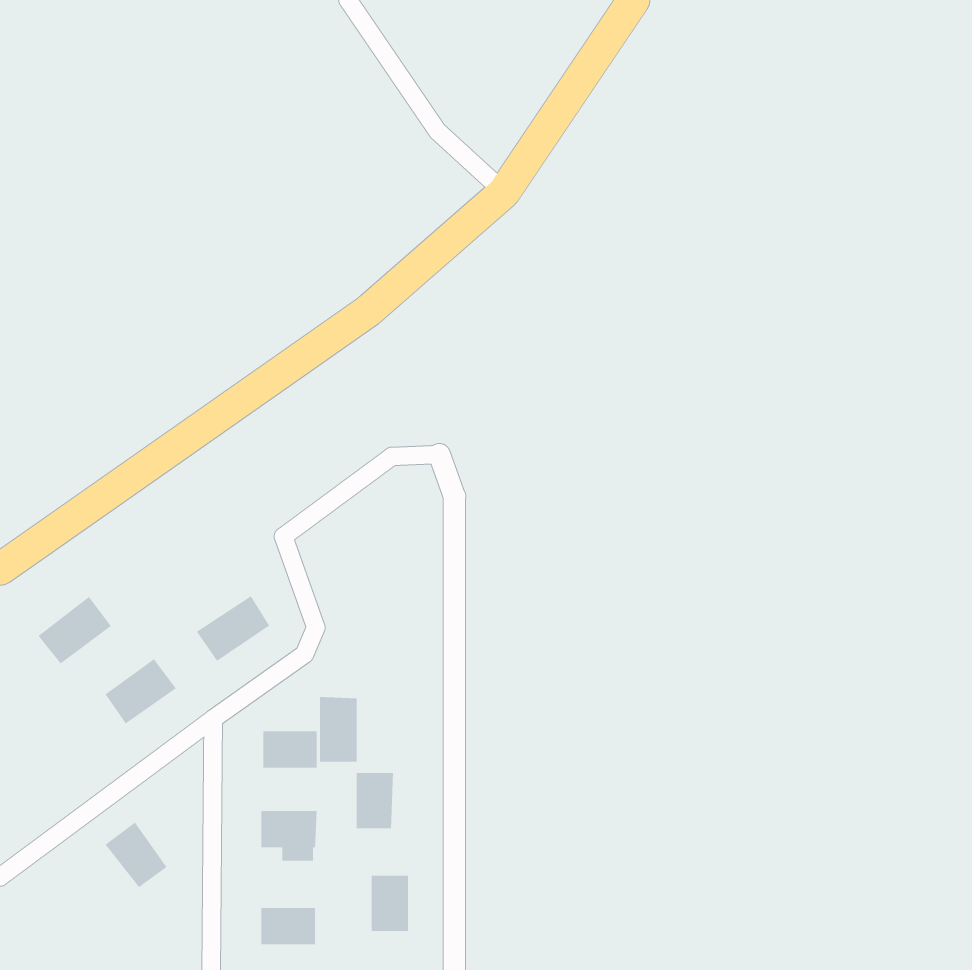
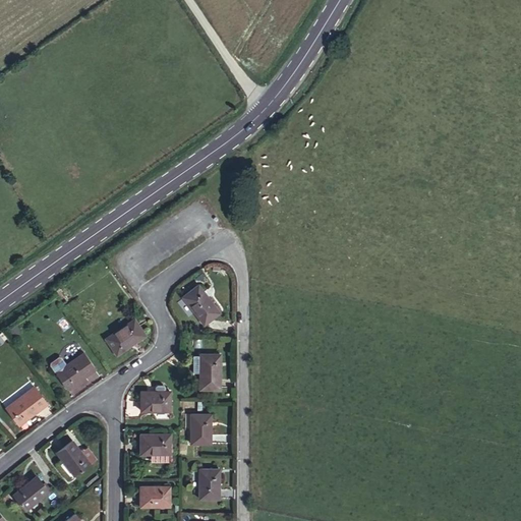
building: none -> [181,285,219,326]
building: [38,596,112,664] -> [6,388,46,424]
building: [319,696,357,763] -> [199,354,220,390]
building: none -> [11,475,49,511]

